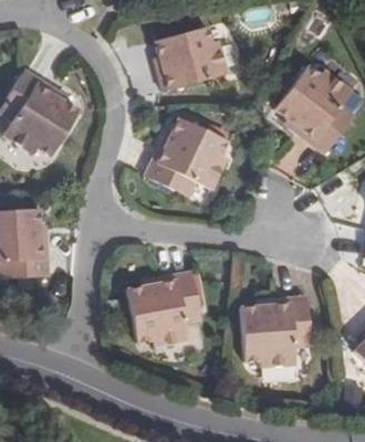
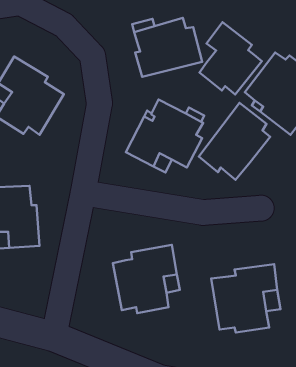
building: none -> [199,22,262,94]
building: none -> [199,103,270,180]

